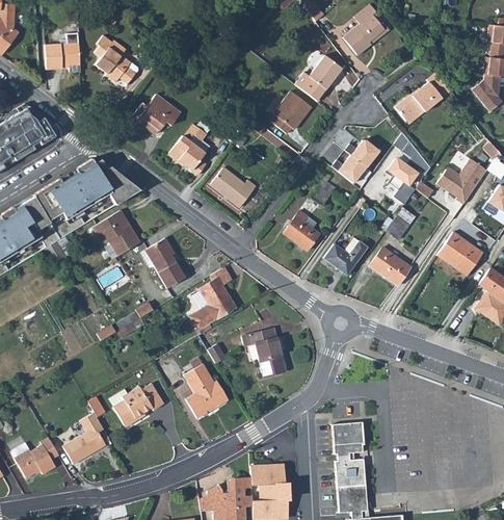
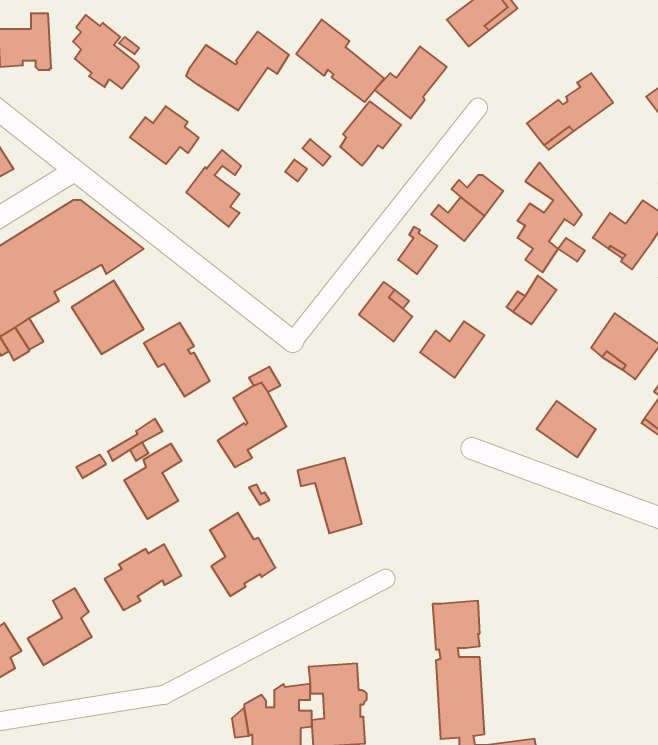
building: none -> [296,19,384,102]
building: none -> [186,32,289,111]
building: [211,167,256,207] -> none
building: [371,248,410,285] -> [536,401,596,457]
building: none -> [124,444,182,519]

